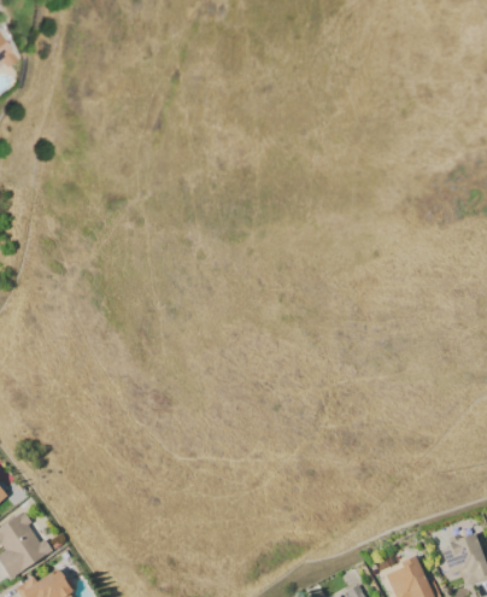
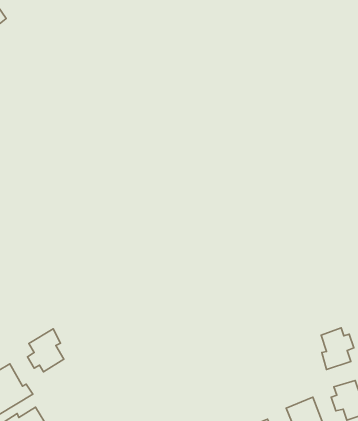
building: none -> [321,328,354,370]
building: none -> [27,329,64,372]

